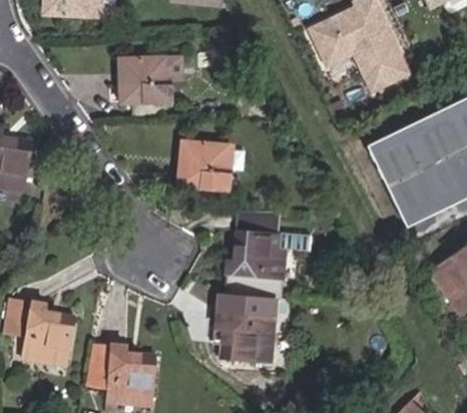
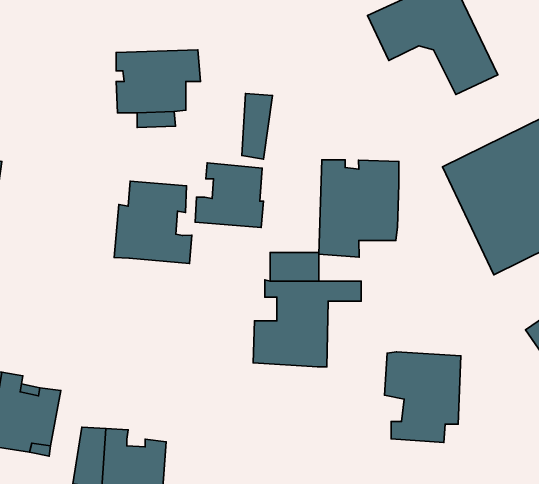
building: none -> [242,93,273,159]
building: none -> [319,160,399,257]
building: none -> [114,181,192,263]
building: [214,295,273,364] -> [385,352,461,443]

